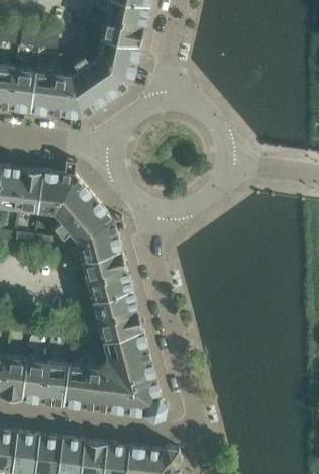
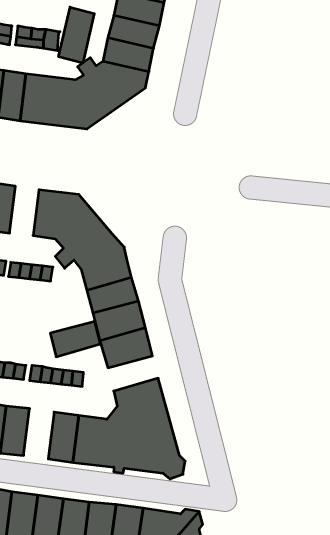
building: none -> [59,7,94,63]
building: [14,168,39,210] -> none
building: [99,314,142,345] -> [50,322,101,357]
building: [26,360,52,403] -> none

